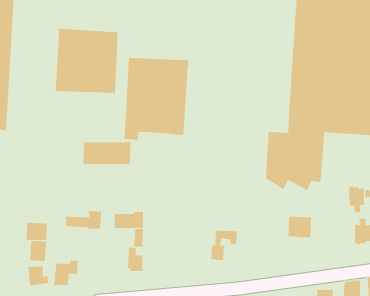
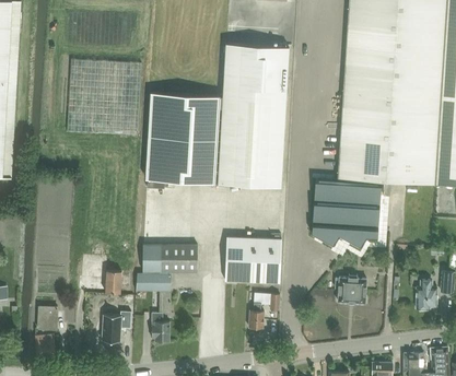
building: none -> [218,55,288,187]
building: [83,142,131,164] -> [141,246,198,272]
building: none -> [224,234,281,283]
building: [348,185,365,213] -> none
building: [26,222,47,241] -> none
building: [53,260,79,286] -> [102,312,131,341]

